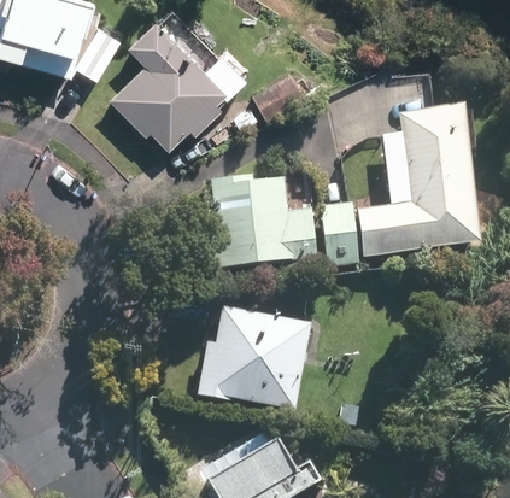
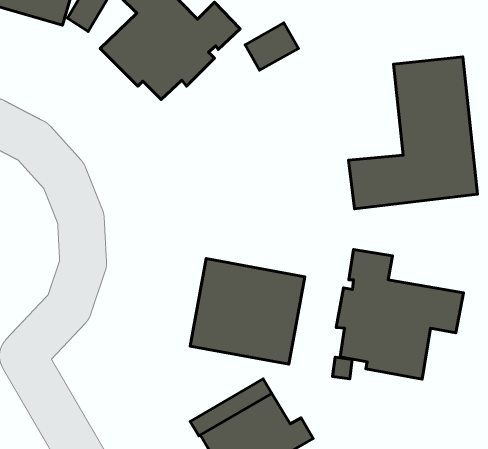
building: [211,176,317,270] -> none
building: [320,203,358,268] -> none
building: none -> [336,249,463,379]

